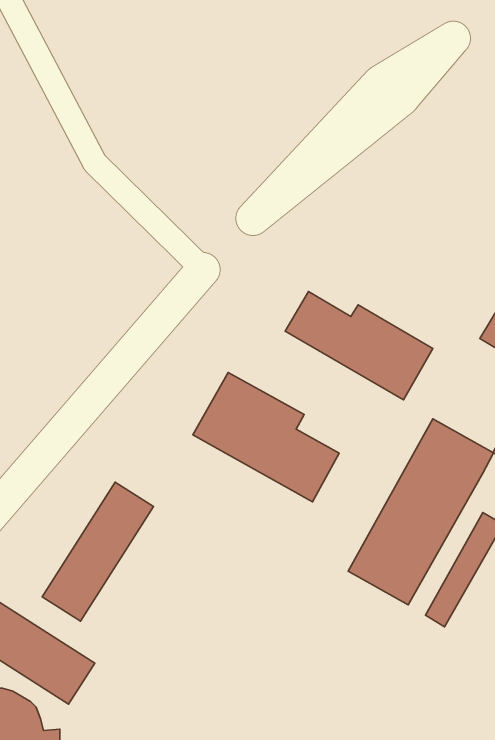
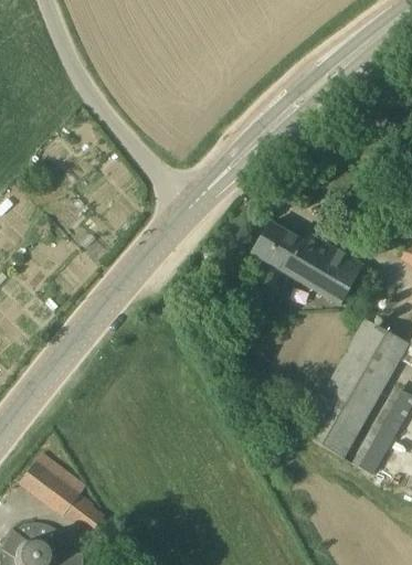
building: [193,372,339,502] -> none
building: [42,482,154,621] -> none

